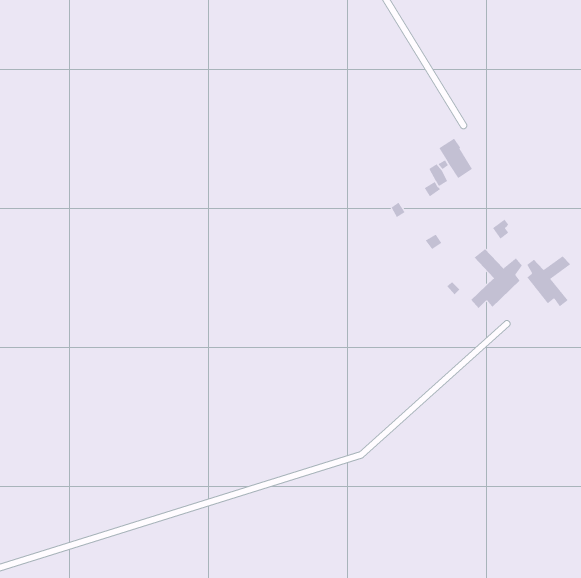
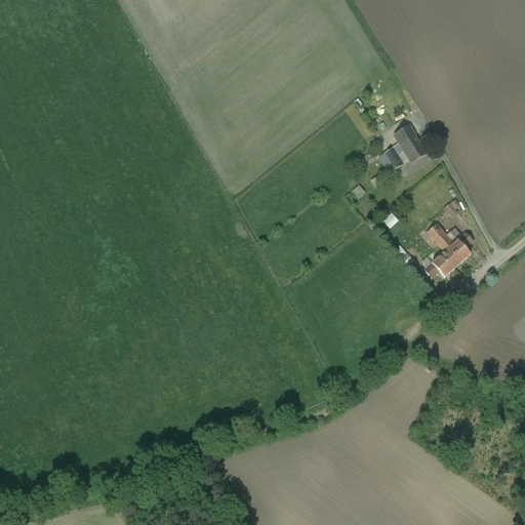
building: [527,255,571,307] -> none

